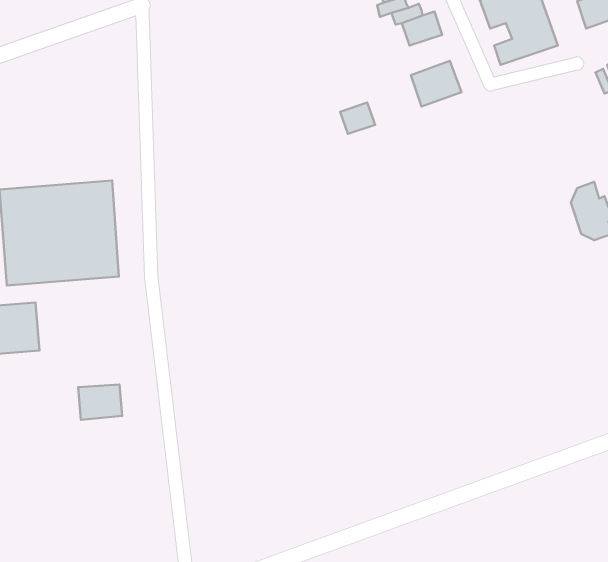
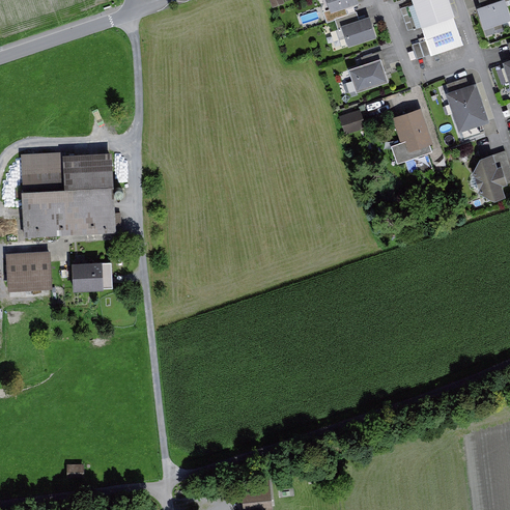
building: none -> [447,81,489,131]
building: [340,103,375,134] -> [337,111,365,136]
building: none -> [391,109,432,164]
building: [78,385,122,420] -> [72,263,107,291]

